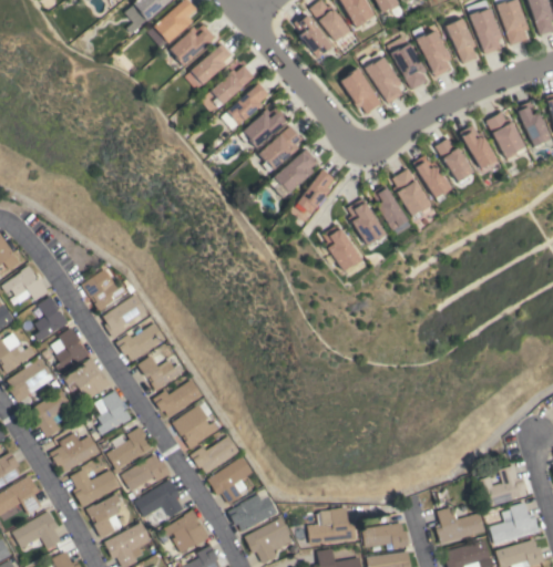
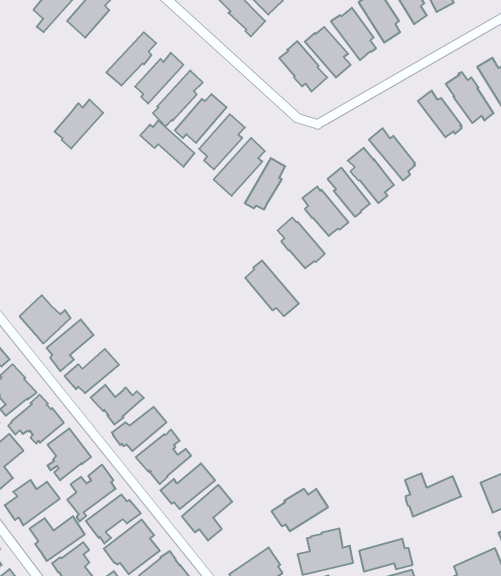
building: [170,24,215,66] -> [55,100,103,149]
building: none -> [140,121,195,167]
building: [436,138,473,186] -> none
building: none -> [245,260,299,316]
building: [227,495,278,532] -> [272,489,328,531]
building: [436,507,485,545] -> [405,473,461,517]

